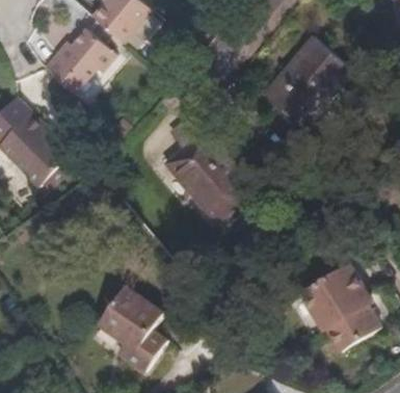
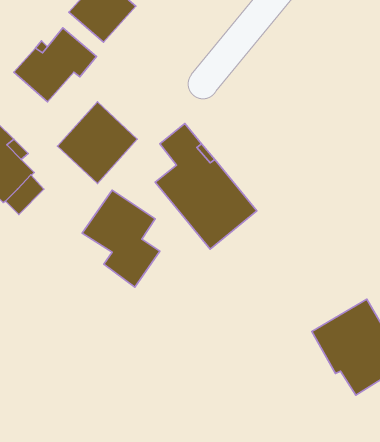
building: [243,36,351,129] -> none
building: none -> [58,102,137,184]
building: [100,287,167,371] -> [82,190,160,287]

